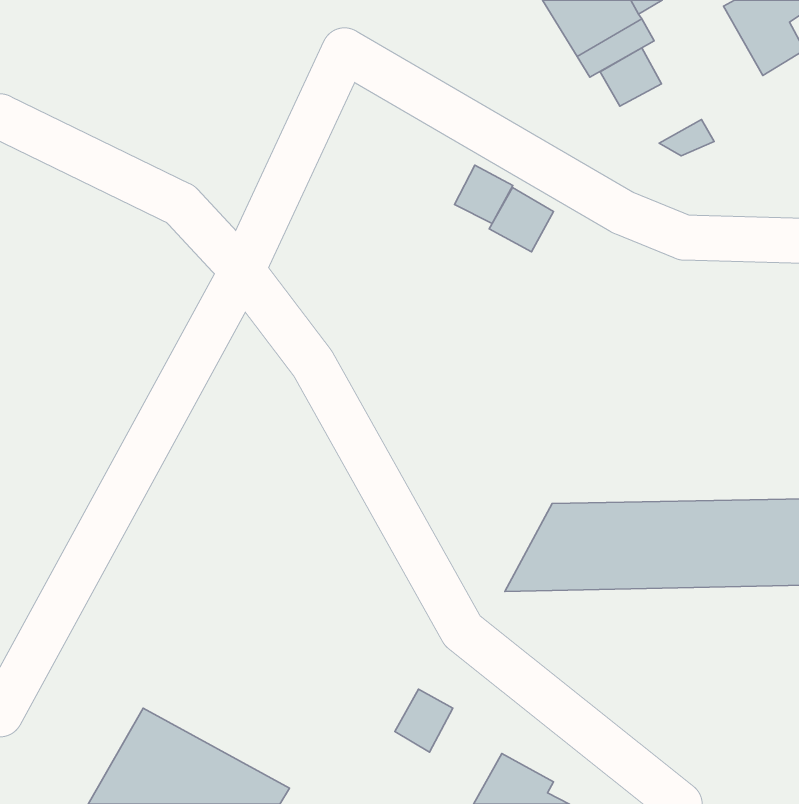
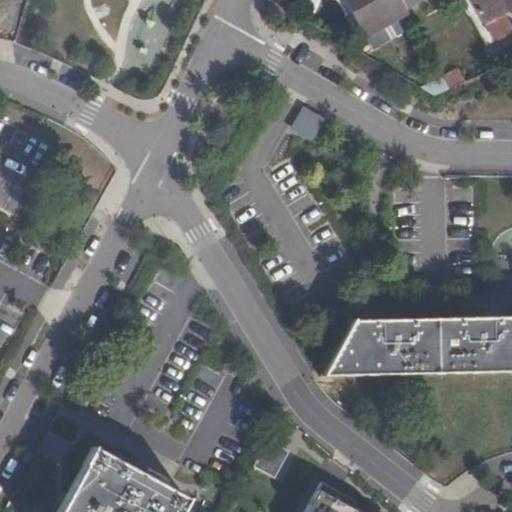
building: [600,48,662,106] -> none
building: [489,188,553,252] -> none

